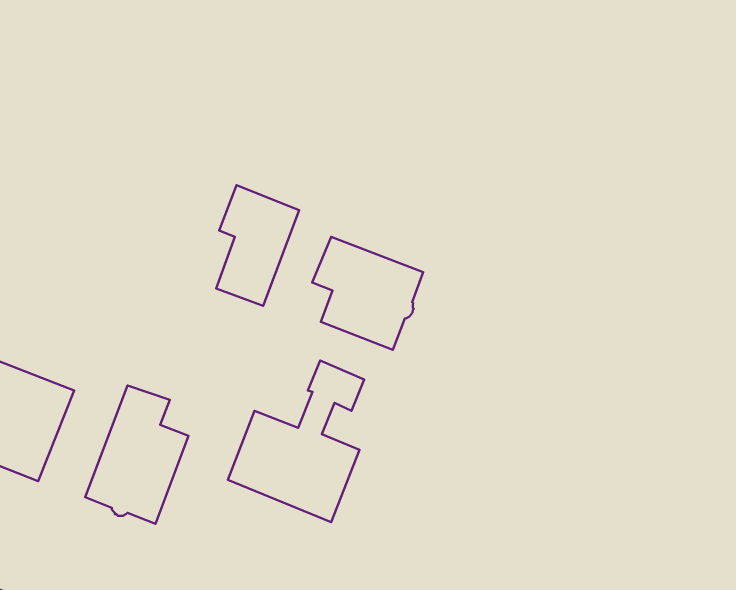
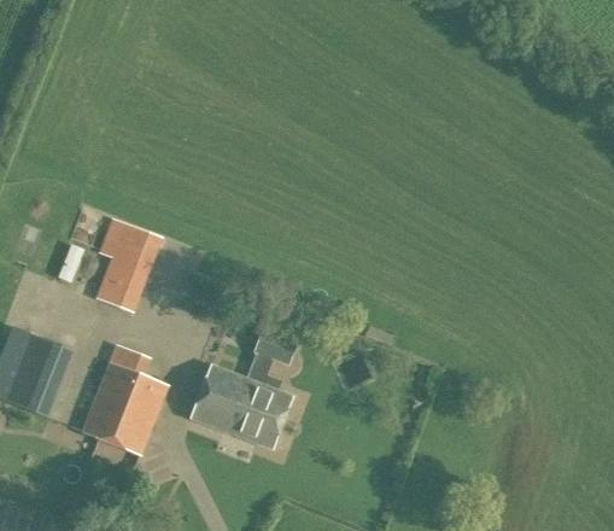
building: [216,185,299,306] -> [97,218,160,311]
building: [312,237,423,350] -> none

